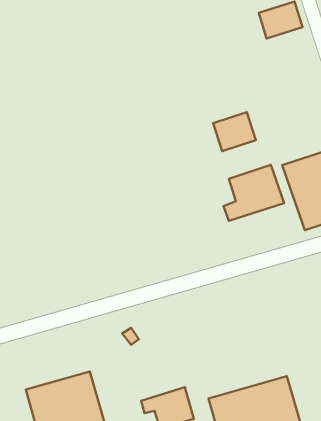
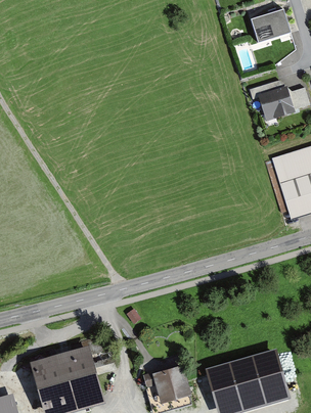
building: [213,112,256,151] -> [258,85,297,121]
building: [224,165,284,221] -> none

